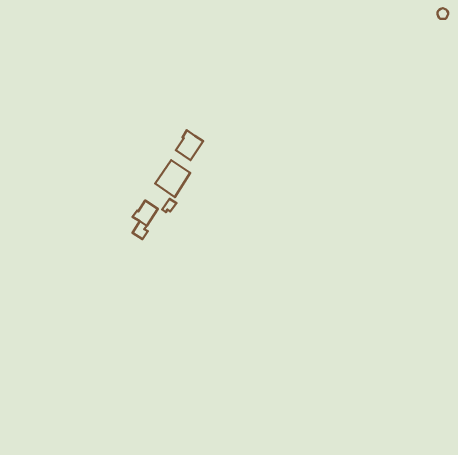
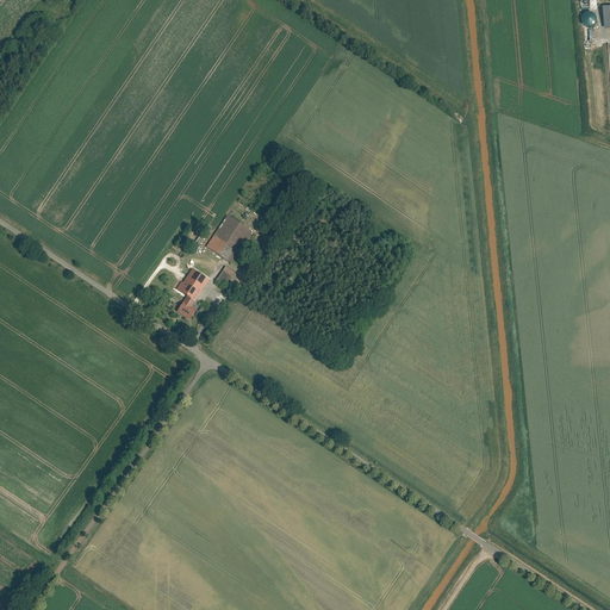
building: [176,130,203,160] -> none

